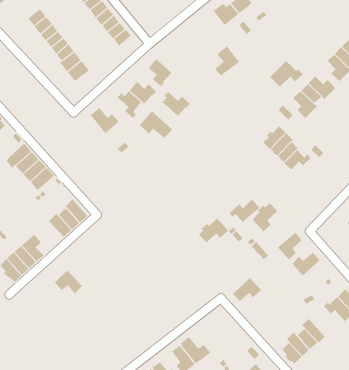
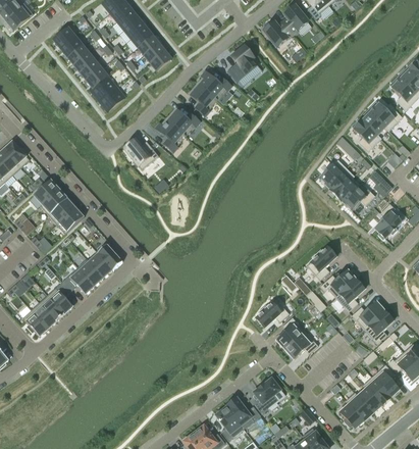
building: [215,45,240,76] -> [229,46,258,81]
building: [270,60,304,88] -> none
building: [162,91,191,117] -> [199,71,231,100]
building: [139,111,173,139] -> none
building: none -> [375,204,401,240]
building: [229,199,260,223] -> [320,269,356,297]
building: [198,218,229,243] -> [255,299,290,328]
building: none -> [364,310,394,343]
building: none -> [276,317,305,349]
building: [54,270,83,294] -> [62,267,95,295]
building: none -> [371,364,399,397]
building: none -> [253,378,280,413]

